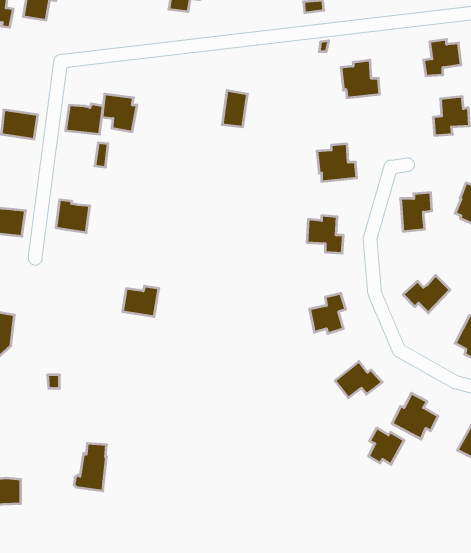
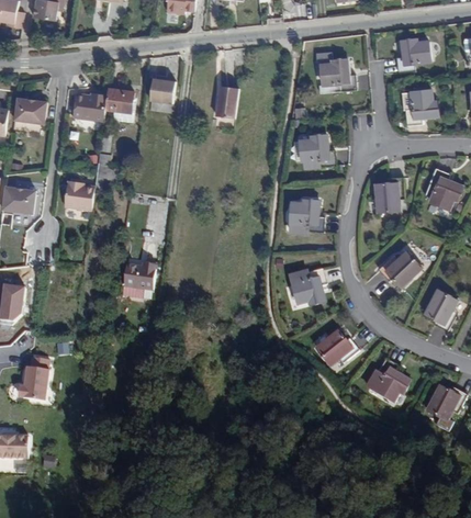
building: none -> [149,76,175,101]
building: [369,428,404,465] -> none
building: [74,443,107,491] -> [20,358,49,401]

